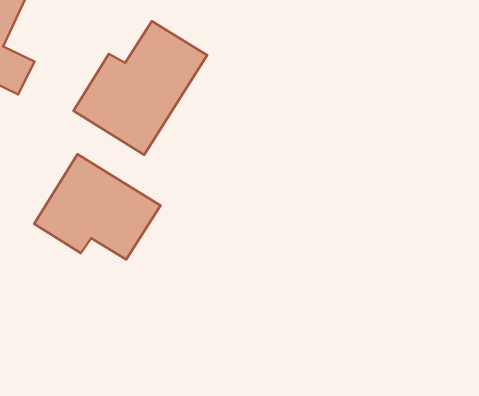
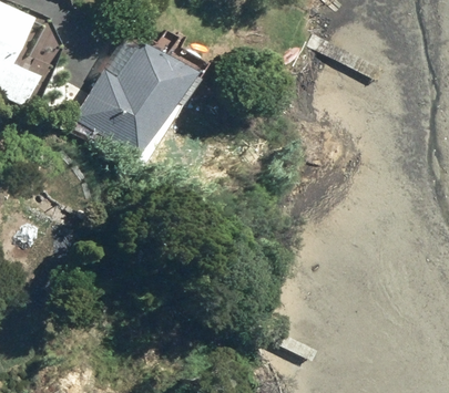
building: [34,154,160,260] -> none

